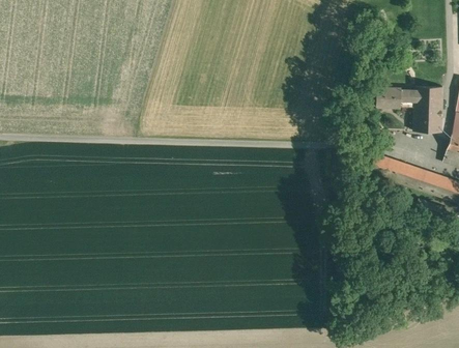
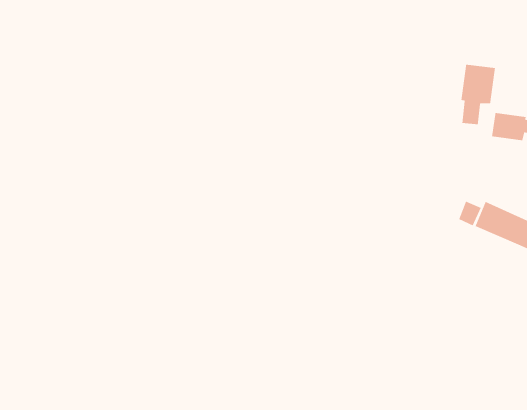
building: none -> [461,64,496,125]

